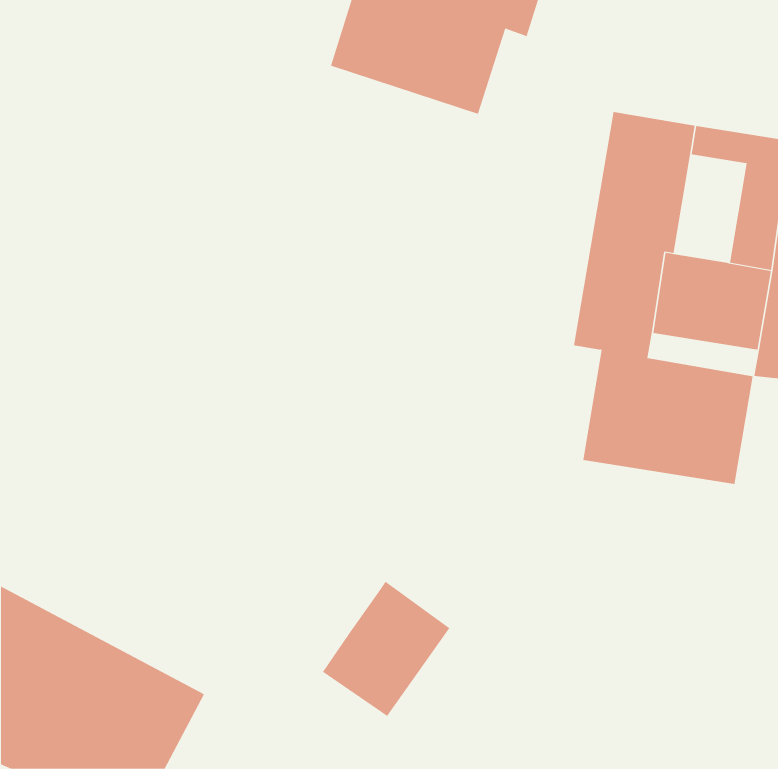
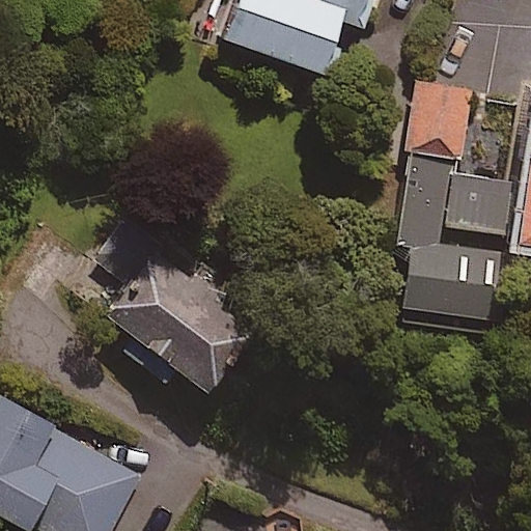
building: none -> [96,204,258,402]
building: [322,581,450,717] -> none

